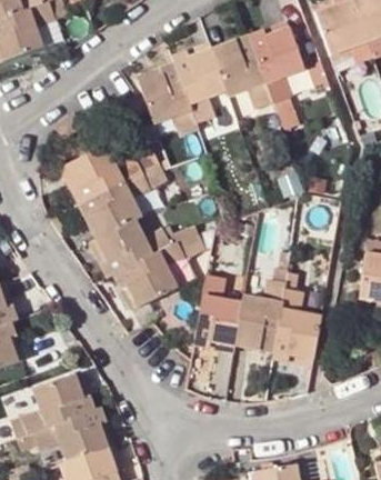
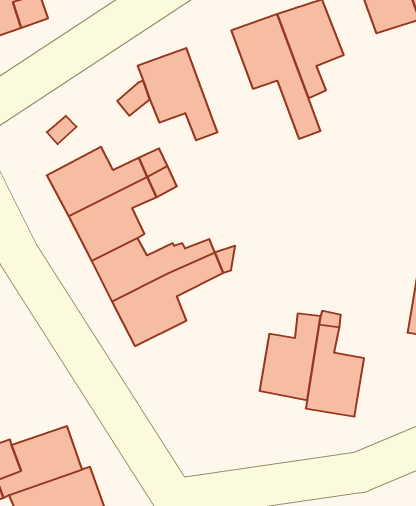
building: [173,42,228,127] -> none
building: [194,277,242,352] -> none

